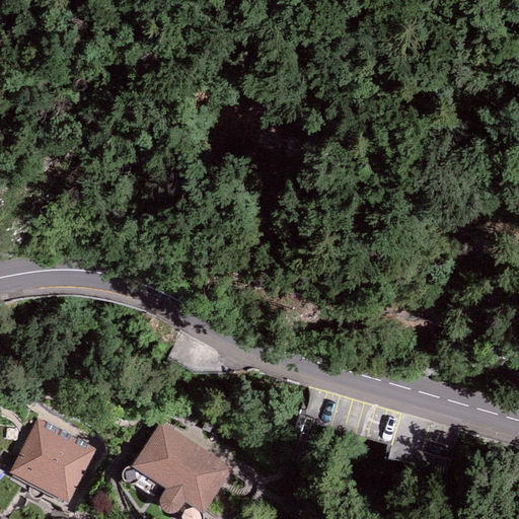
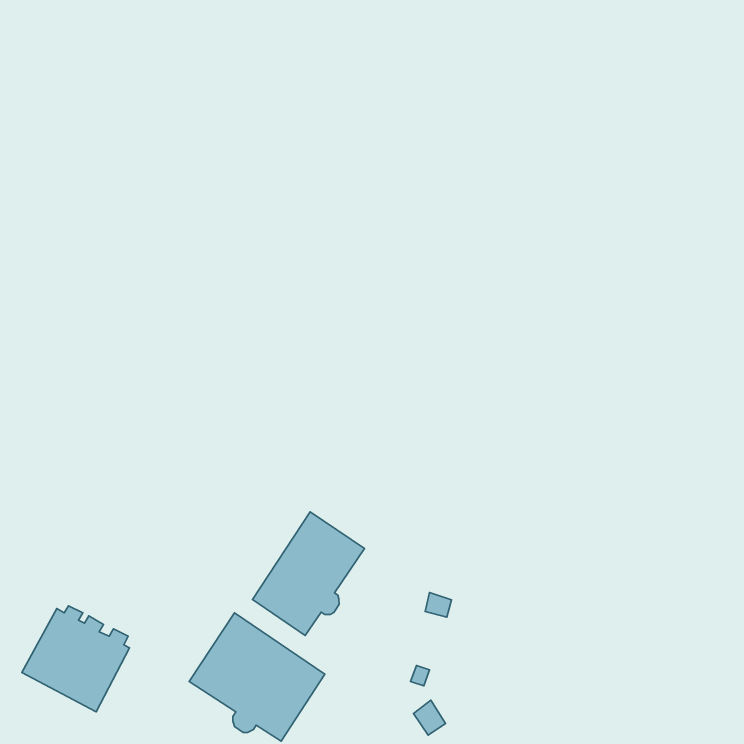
building: none -> [253,512,364,636]

